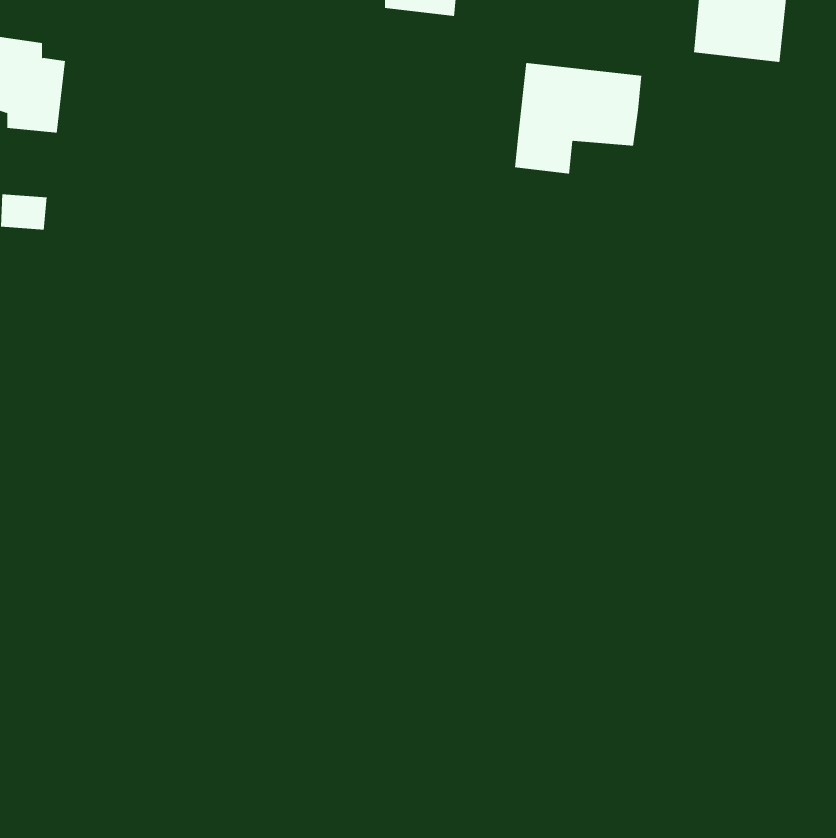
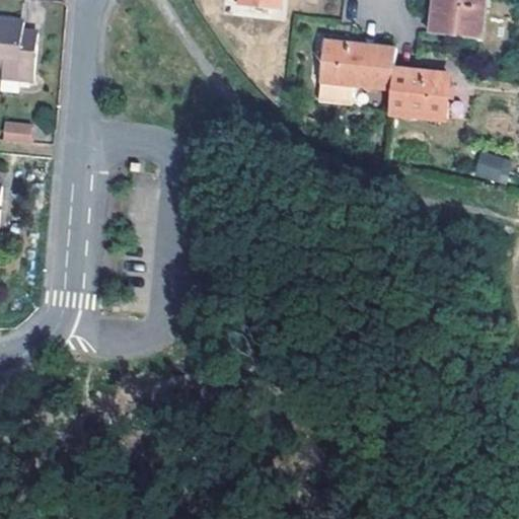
building: none -> [389,68,448,117]
building: none -> [471,150,511,182]

